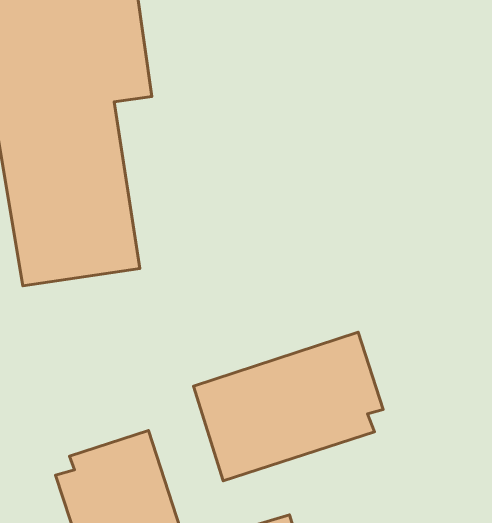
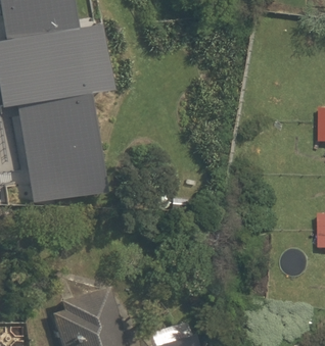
building: [194,332,383,481] -> none

